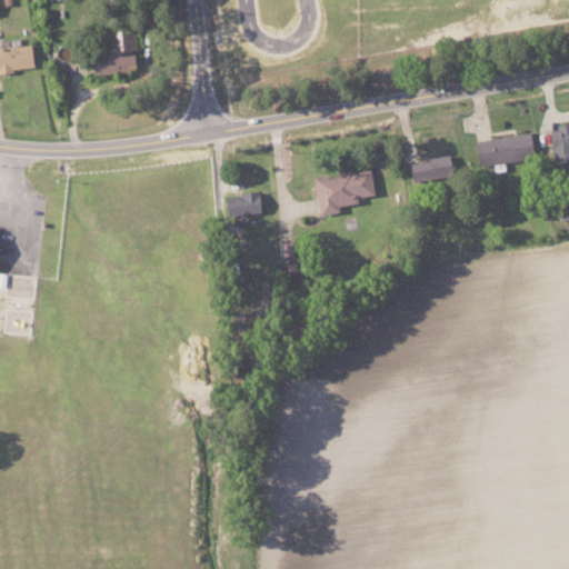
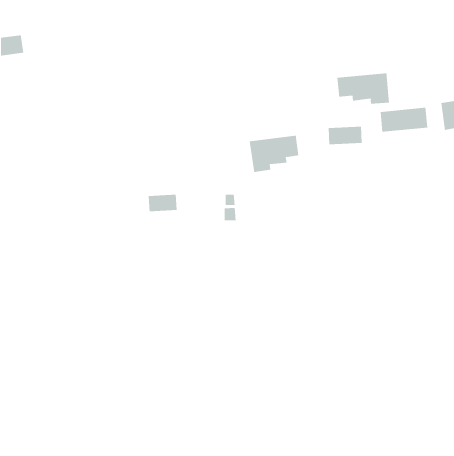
building: [92,29,134,73] -> none
building: none -> [337,72,389,105]
building: [226,193,262,216] -> [148,194,177,212]

